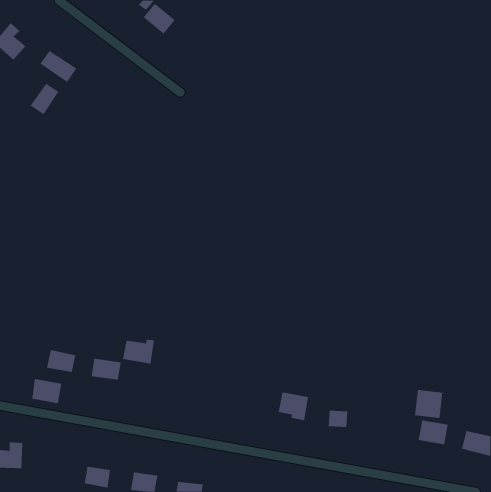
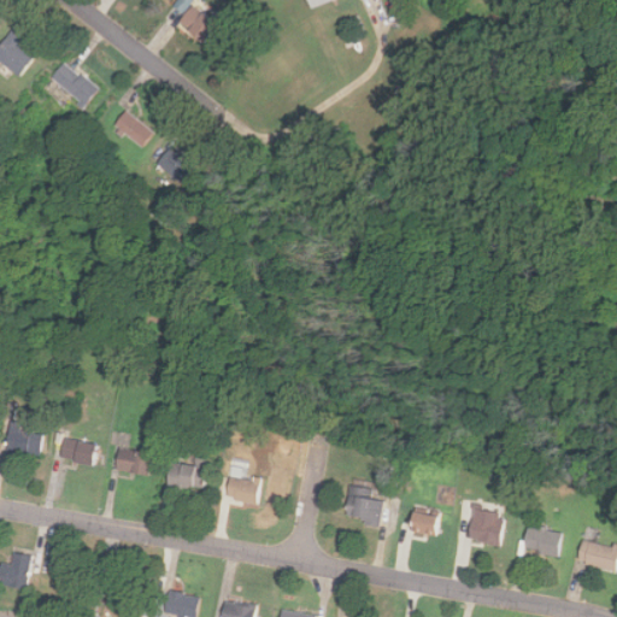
building: [30,83,59,115] -> none
building: none -> [113,110,151,147]
building: none -> [155,146,193,183]
building: [122,339,155,364] -> [165,460,206,492]
building: [31,379,62,404] -> [5,424,43,456]
building: none -> [224,476,259,504]
building: [414,390,443,418] -> [468,509,504,545]

